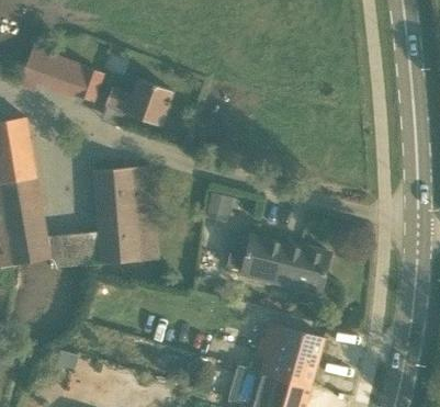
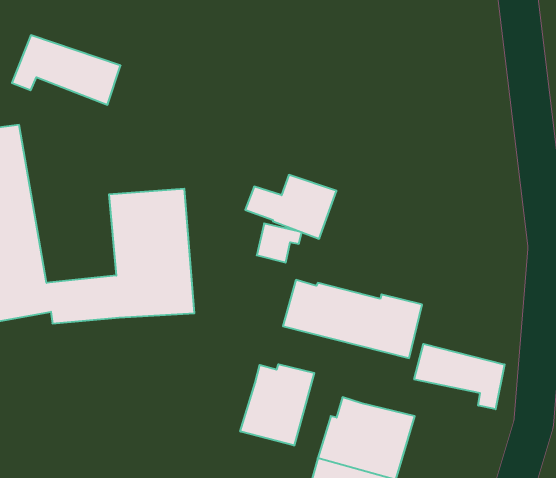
building: [105,79,174,127] -> [245,175,337,239]
building: none -> [414,344,505,409]
building: none -> [240,364,314,446]

